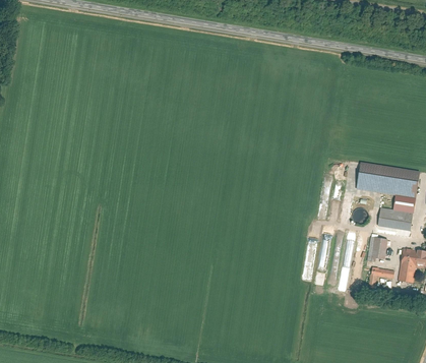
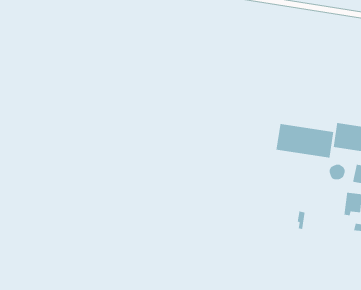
building: none -> [275,123,334,158]

